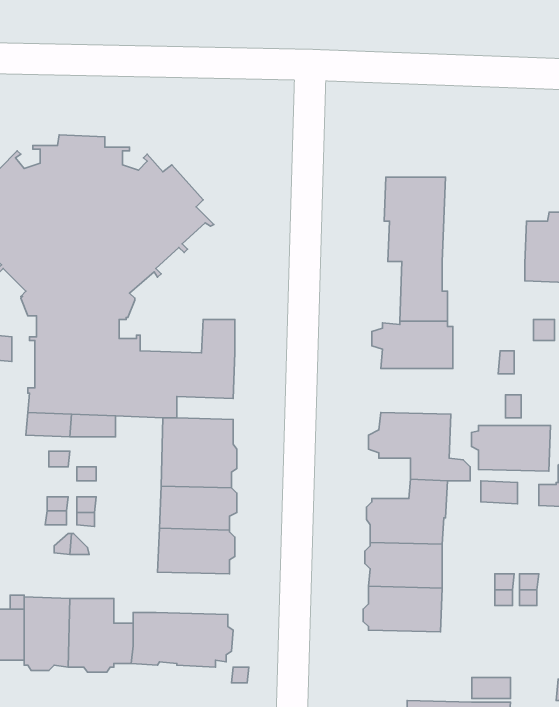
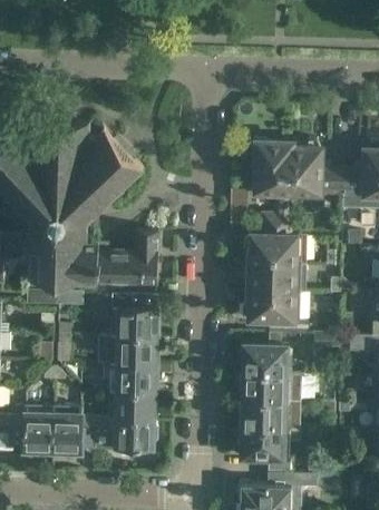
building: none -> [290,140,343,196]
building: [471,425,550,471] -> [246,263,297,292]
building: none -> [108,392,157,419]
building: none -> [240,429,293,472]

